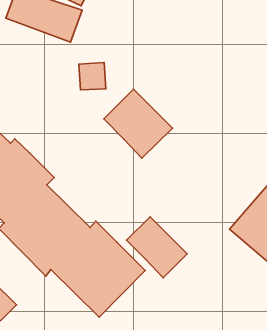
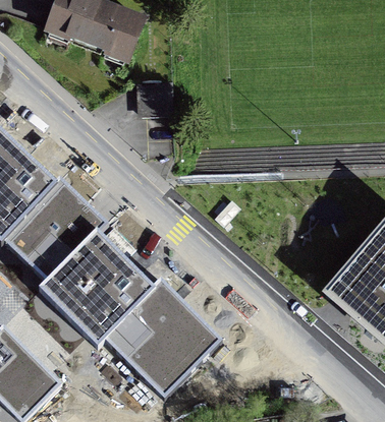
building: [104,89,172,158] -> none
building: [127,217,187,278] -> none

